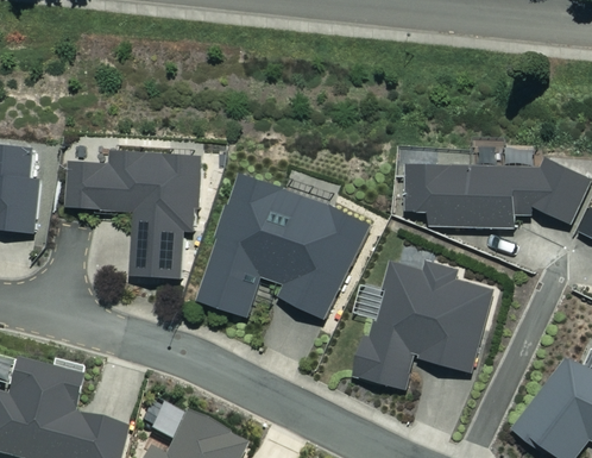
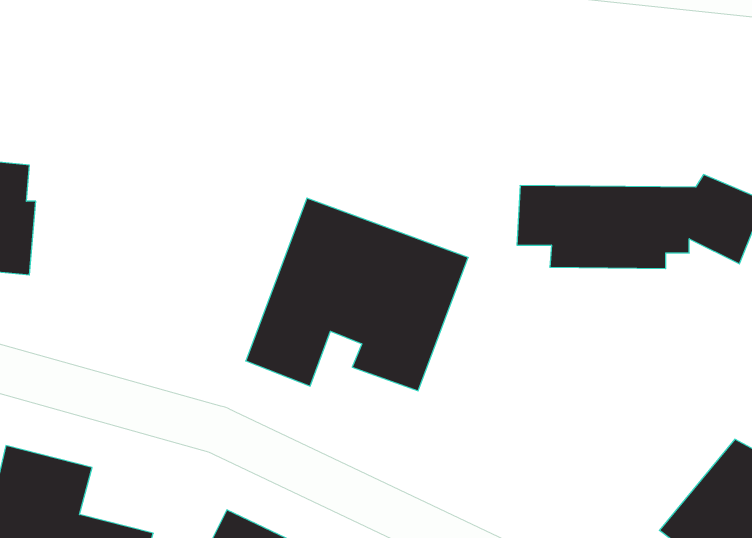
building: [67,149,202,276] -> none
building: [353,259,495,388] -> none

